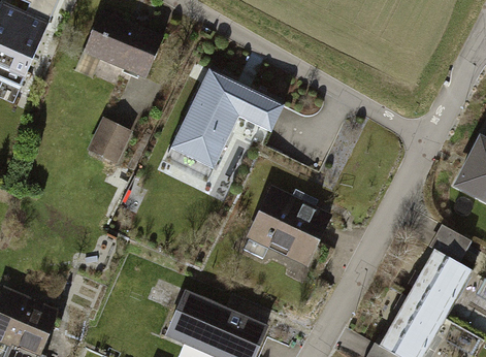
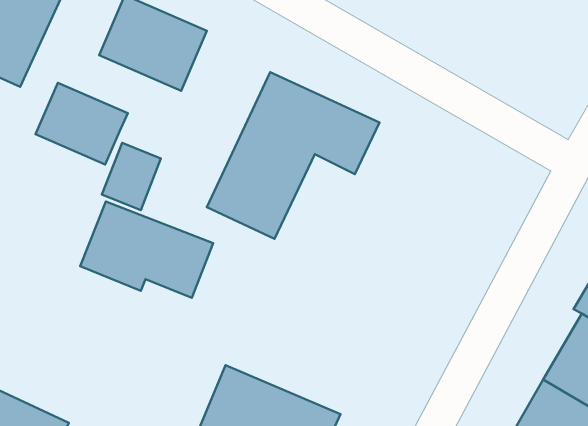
building: none -> [36,83,128,165]
building: none -> [80,201,213,298]
building: [248,188,332,270] -> none

